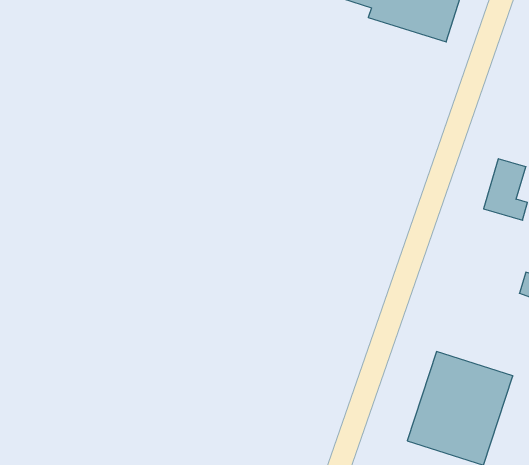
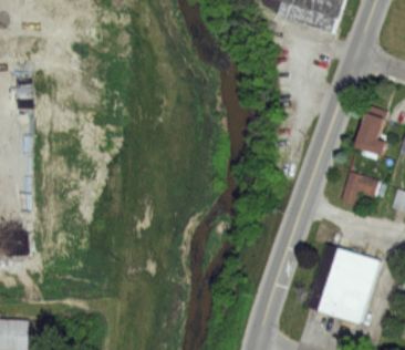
building: none -> [340,173,378,205]

